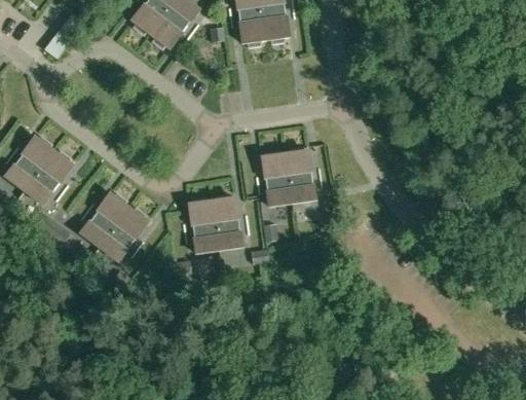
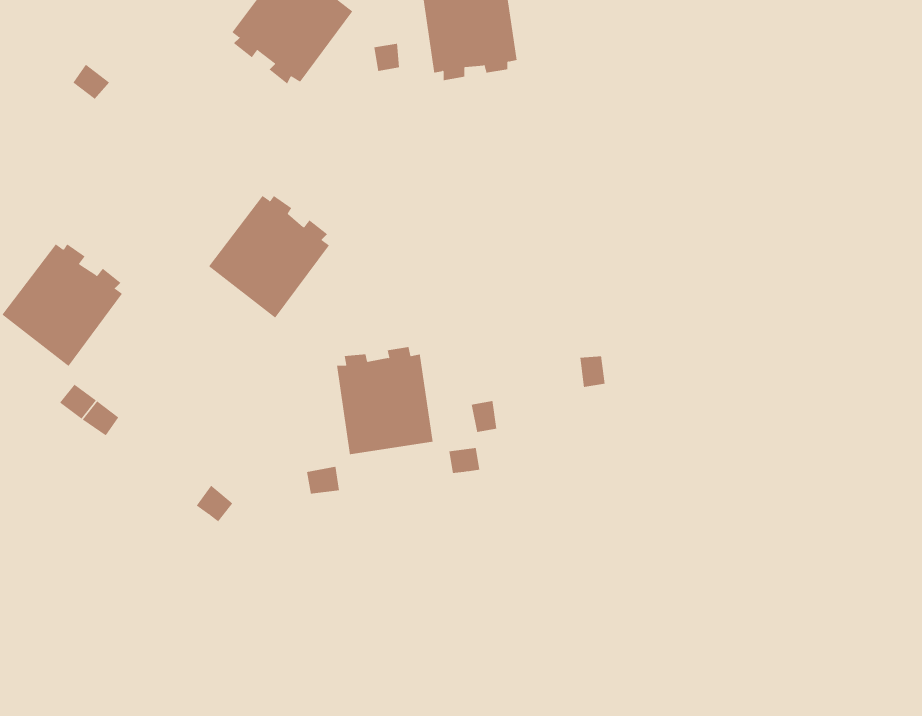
building: [262,147,314,206] -> none
building: [80,193,147,261] -> [208,195,330,318]

